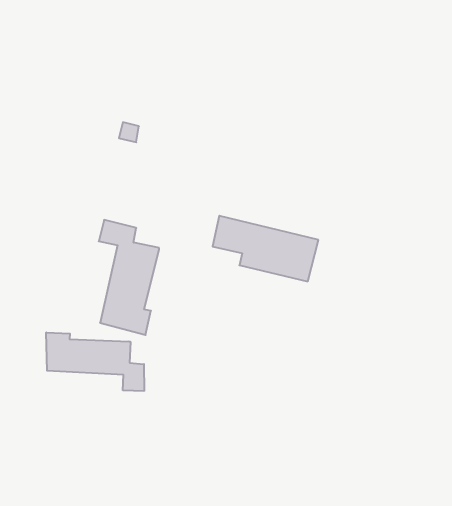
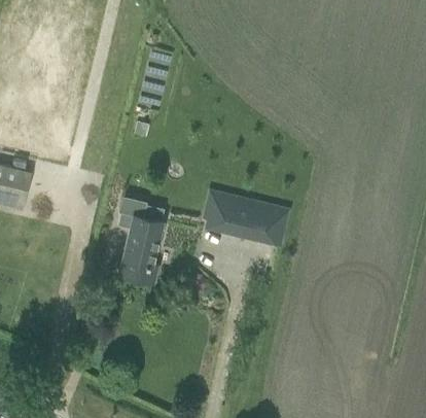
building: [46,332,144,391] -> none

